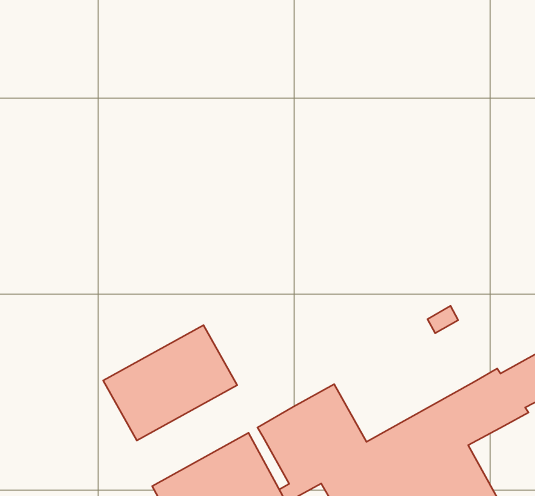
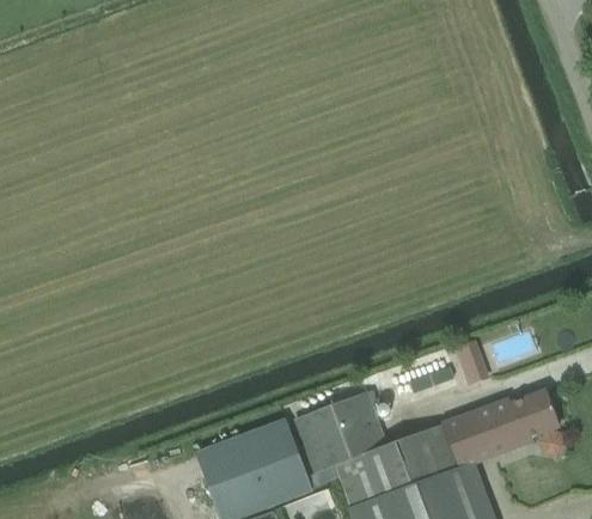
building: [103,325,237,440] -> none

